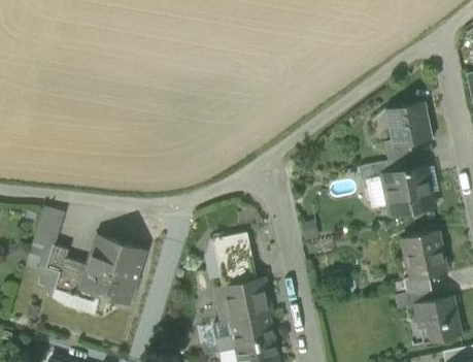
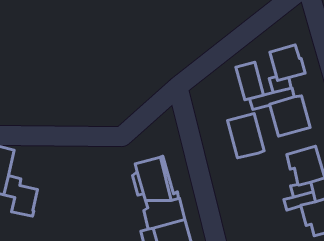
building: none -> [236,62,264,100]
building: none -> [227,113,264,158]
building: [80,235,144,305] -> none

